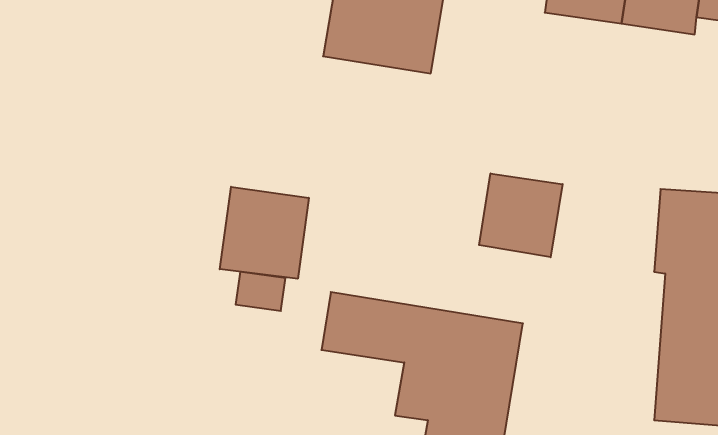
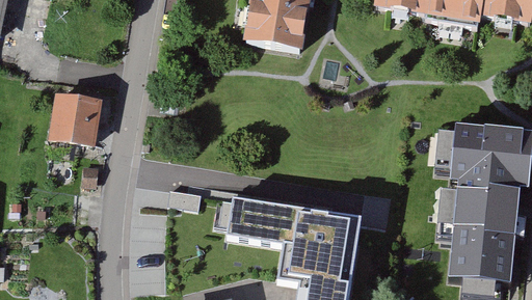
building: none -> [48,90,100,146]
building: [479,173,563,257] -> none
building: [220,187,309,279] -> none

